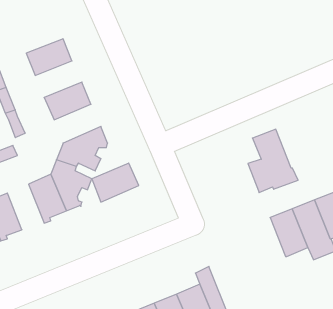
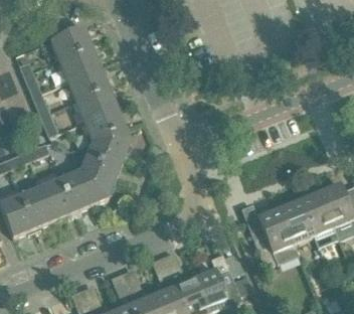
building: none -> [50,25,92,58]
building: none -> [66,65,109,99]
building: [248,129,298,193] -> [253,207,299,265]
building: [92,163,139,202] -> [83,105,126,140]
building: none -> [41,177,74,218]

